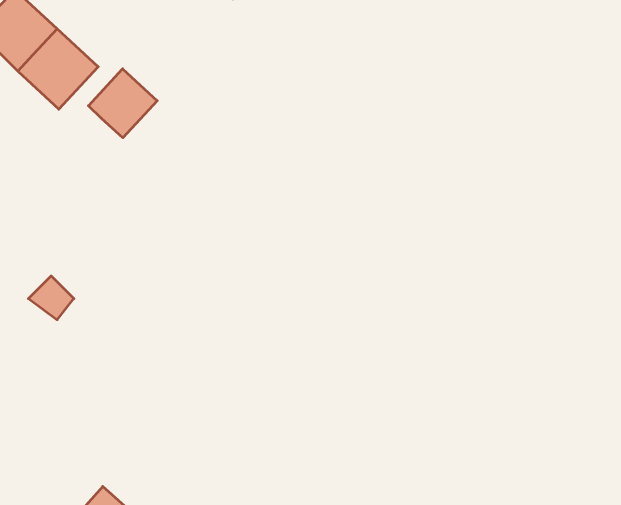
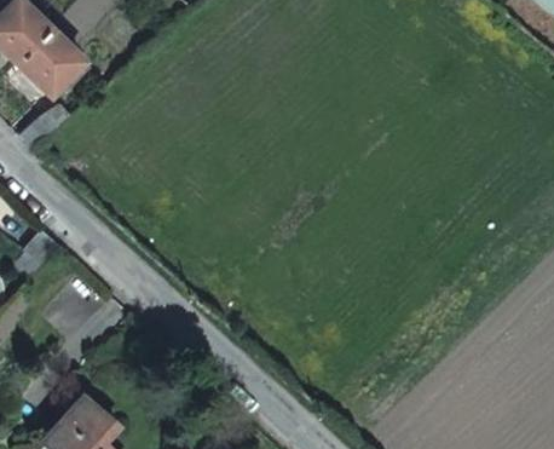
building: [88,69,157,138] -> none

